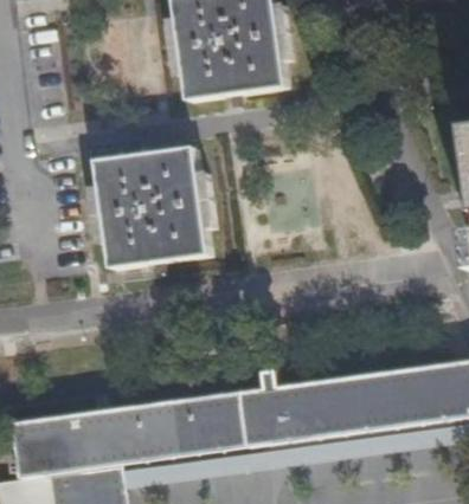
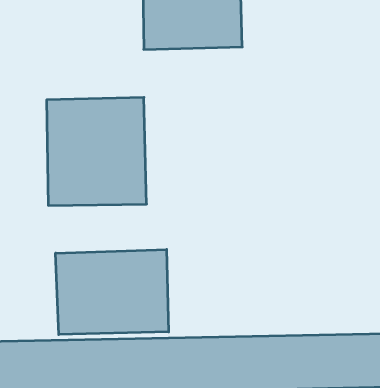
building: none -> [56,249,169,335]

